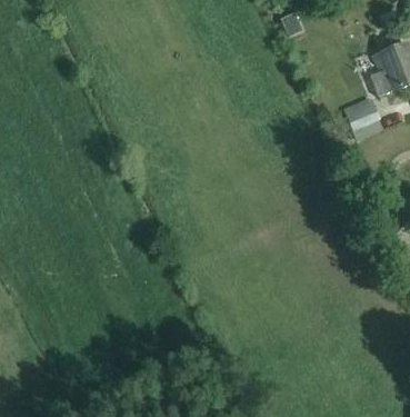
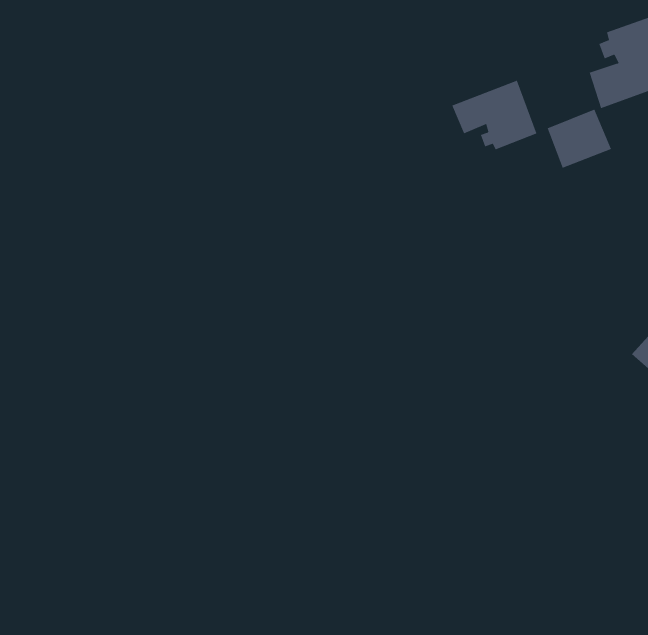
building: none -> [451,80,537,150]

